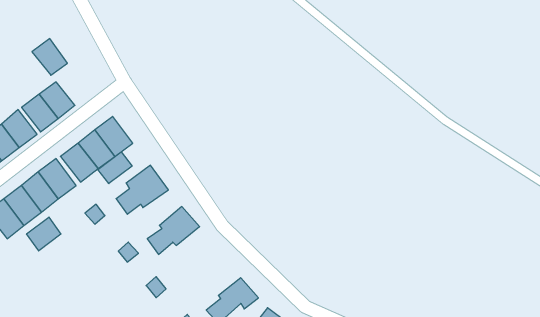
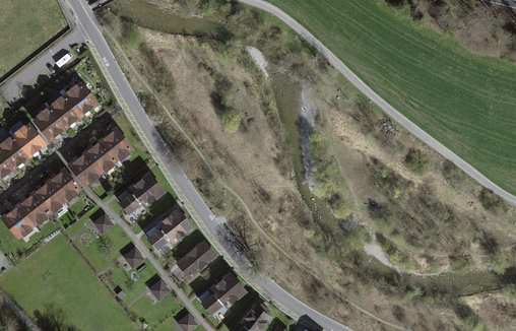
building: [32,39,67,75] -> [63,83,95,117]
building: [98,152,132,184] -> none
building: [27,217,61,251] -> none
building: none -> [175,239,217,279]

